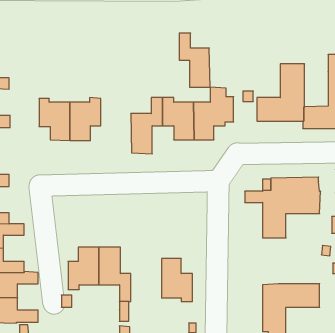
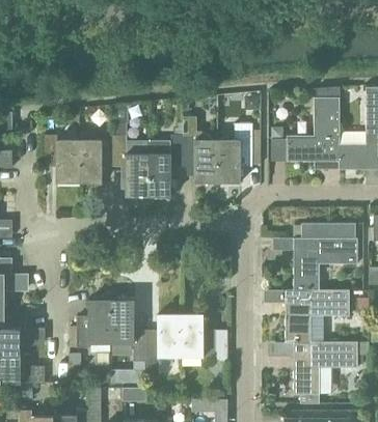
building: [179,33,210,87] -> [113,136,147,196]
building: none -> [285,289,349,343]
building: none -> [146,313,181,361]

